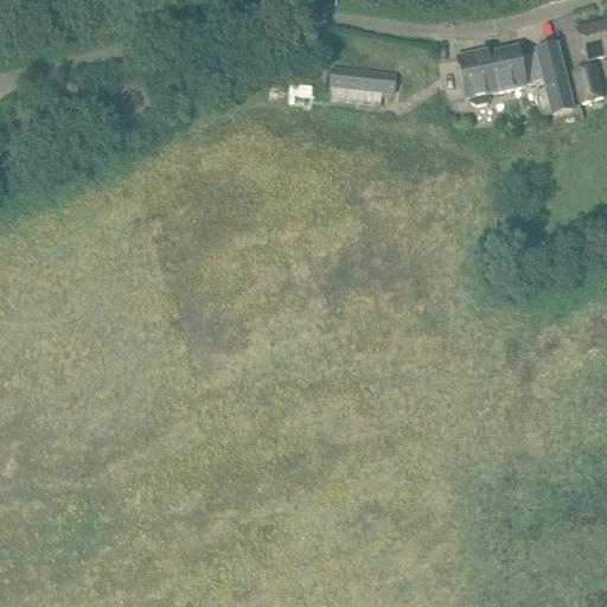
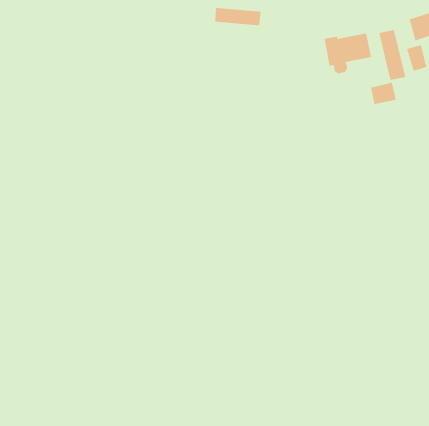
building: [331,65,397,91] -> [214,7,262,26]
building: none -> [370,82,396,105]

